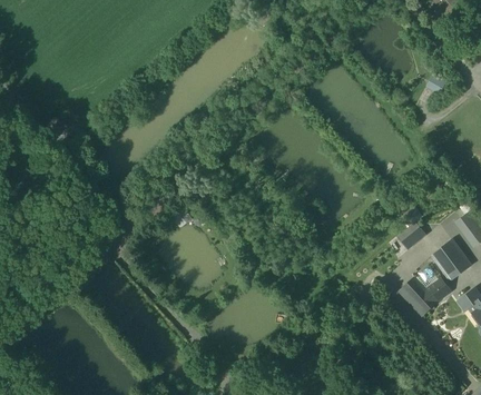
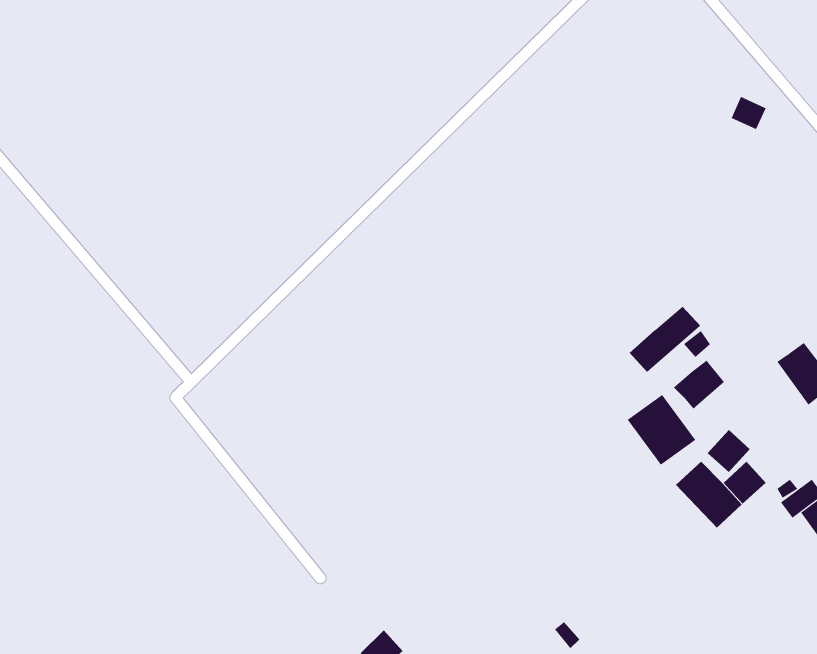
building: none -> [629,306,701,373]
building: [431,240,470,280] -> [627,394,696,465]

